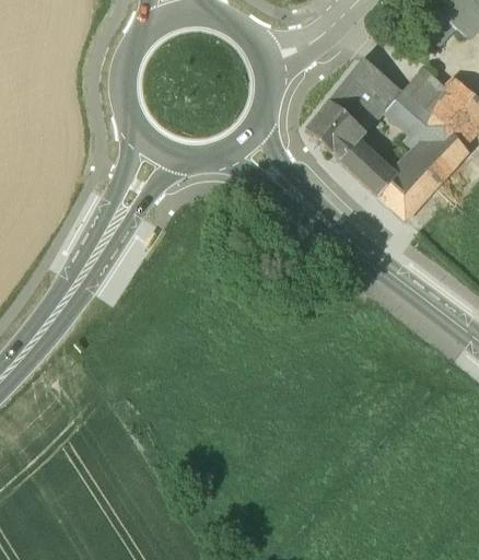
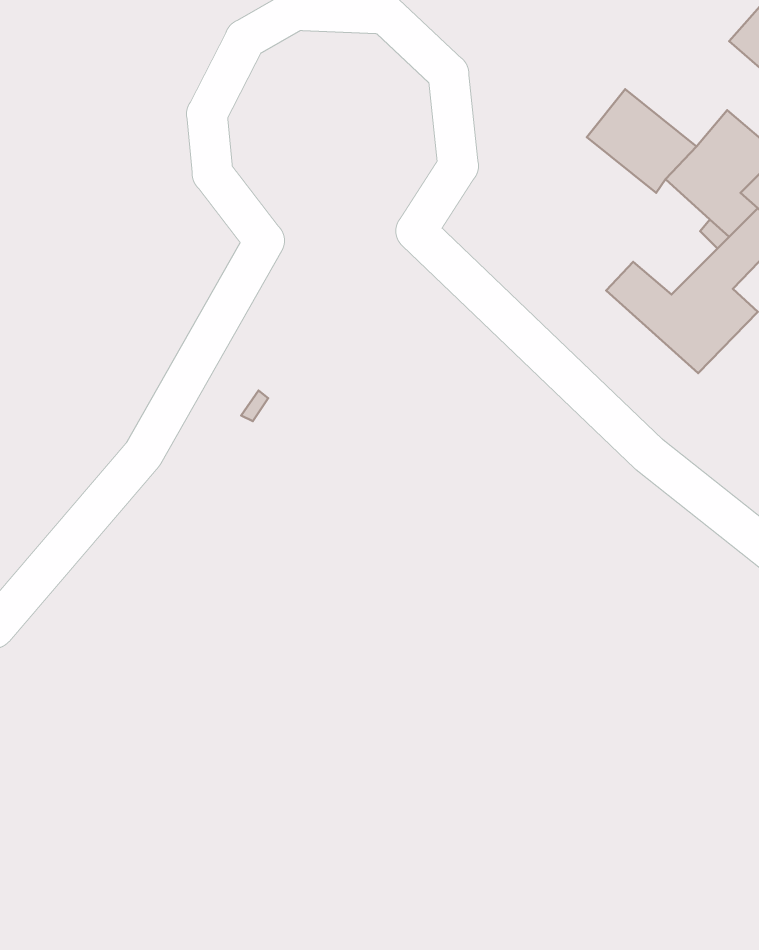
building: [308,83,383,171] -> none

